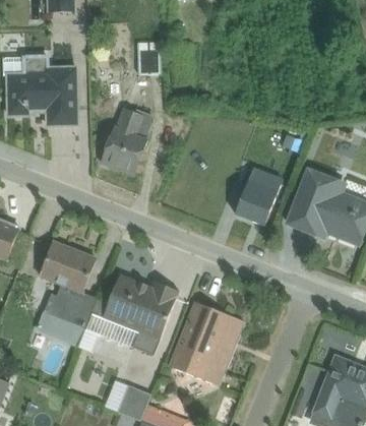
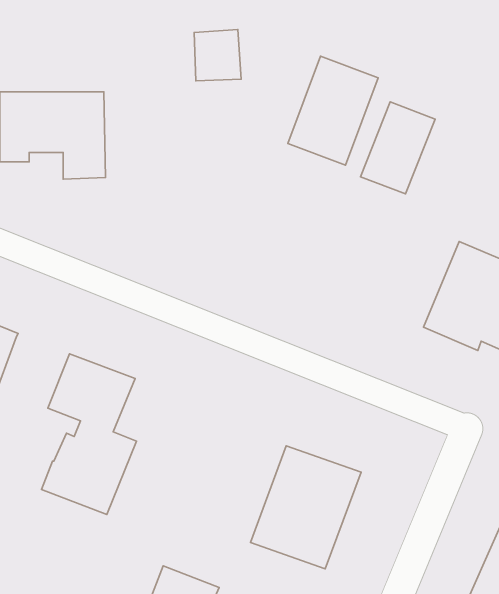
building: [98,106,157,177] -> [288,56,378,165]
building: [236,168,285,228] -> [360,102,435,194]
building: [78,273,180,355] -> none

